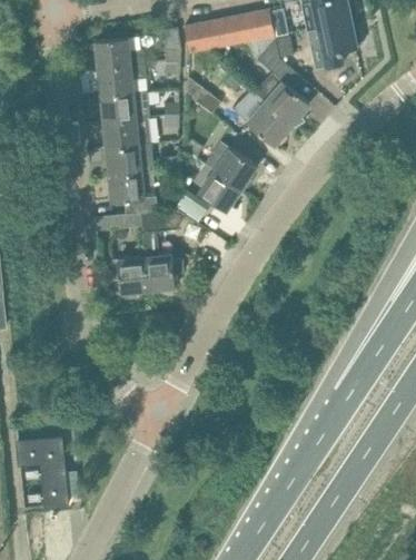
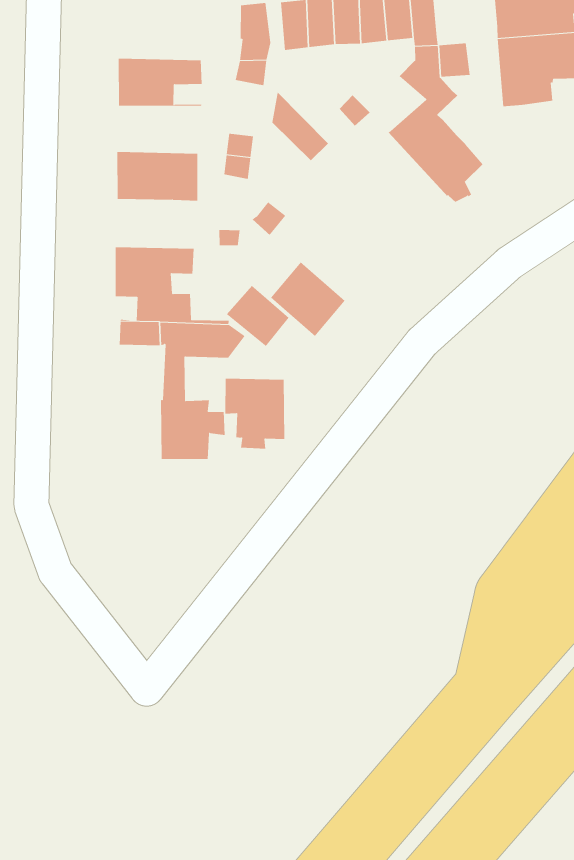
building: [93,38,142,69] -> none
building: [99,90,148,121] -> none
building: [235,92,289,145] -> none
building: [205,143,255,189] -> none
building: [105,144,152,175] -> none
building: [109,257,147,298] -> [224,378,285,449]

